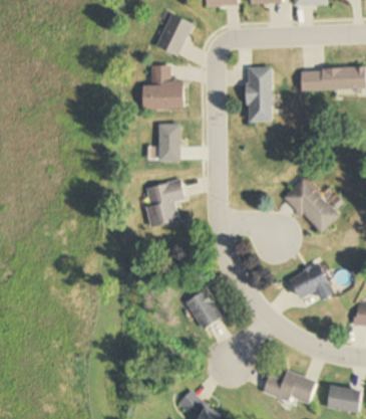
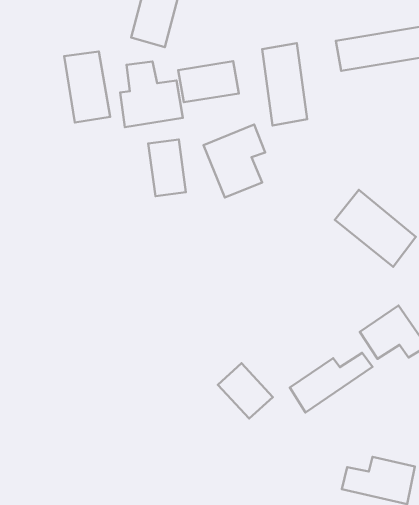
building: none -> [64,52,110,122]
building: none -> [178,61,239,102]
building: [141,179,185,228] -> [204,124,265,197]
building: none -> [290,353,372,412]

